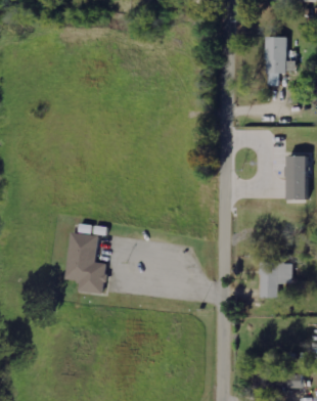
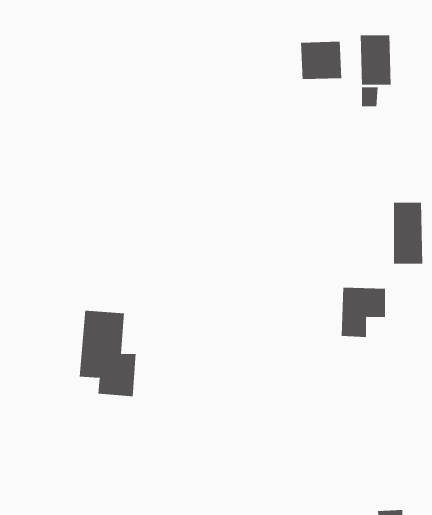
building: none -> [300,41,342,80]
building: [259,262,290,298] -> [341,287,386,338]

